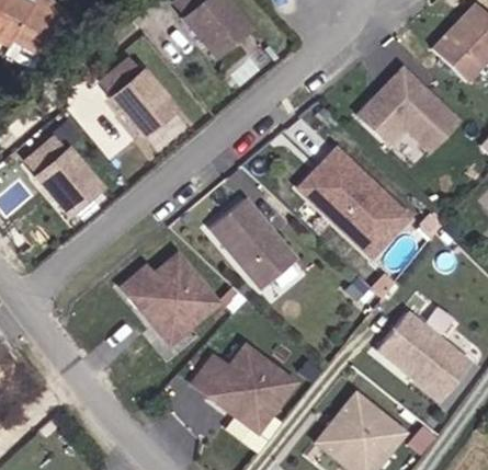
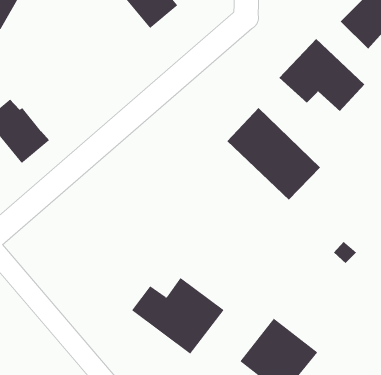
building: [99,60,171,135] -> none
building: [209,195,296,285] -> none
building: [121,254,220,344] -> none
building: [374,307,474,401] -> none

